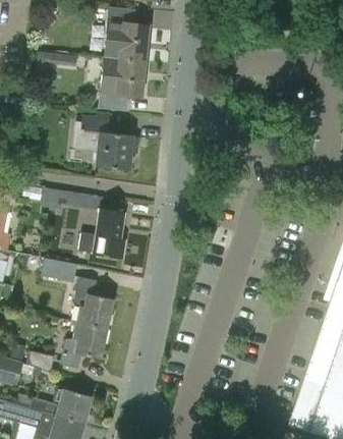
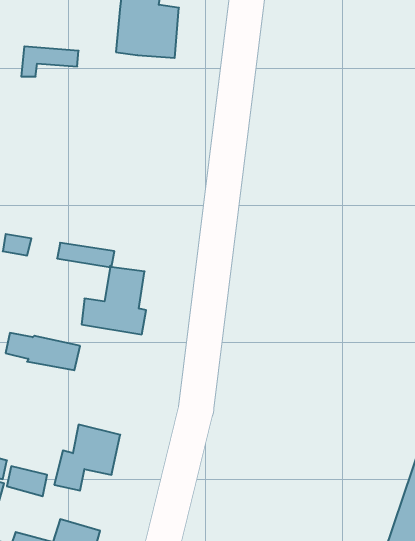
building: [98,56,145,111] -> none
building: [80,115,137,169] -> none
building: [73,277,113,328] -> none

